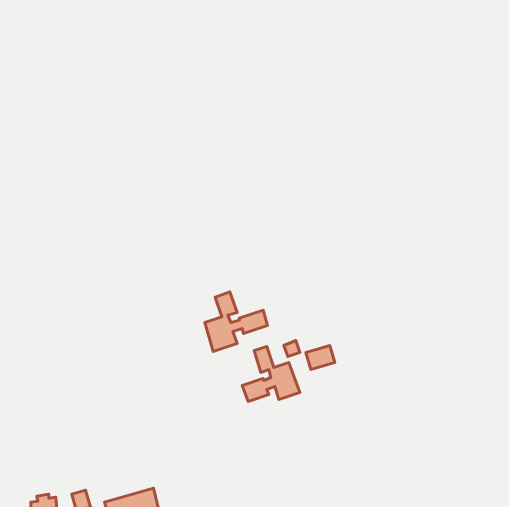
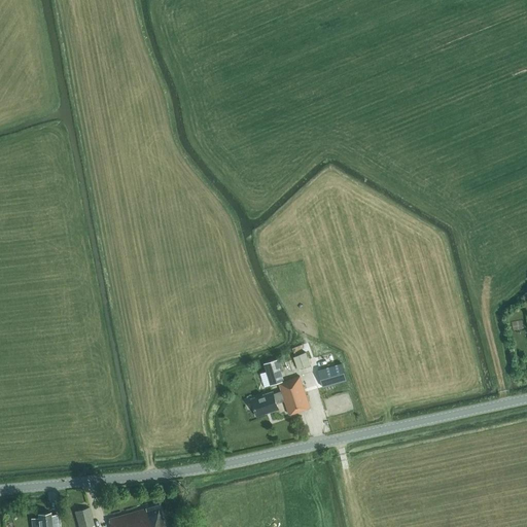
building: [205,292,268,352] -> none

